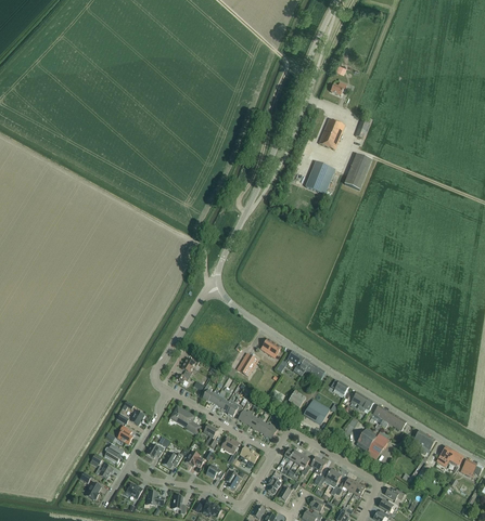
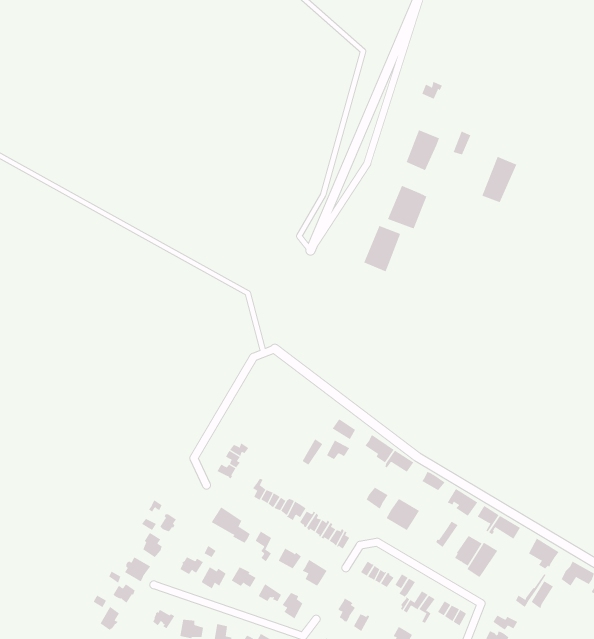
building: [344,153,371,188] -> [482,156,517,203]
building: none -> [363,225,401,272]

